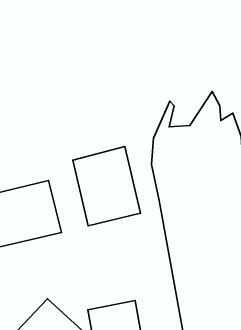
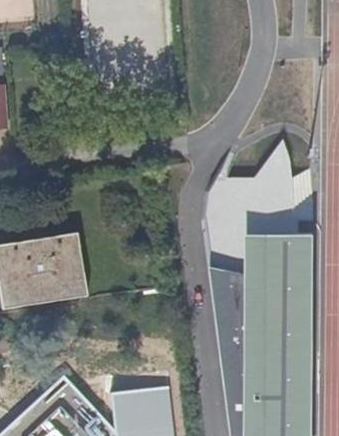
building: [73,147,141,226] -> none

